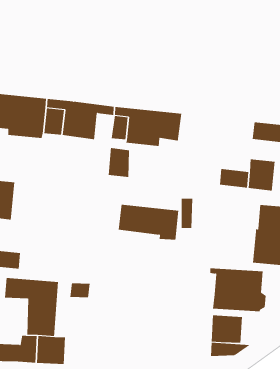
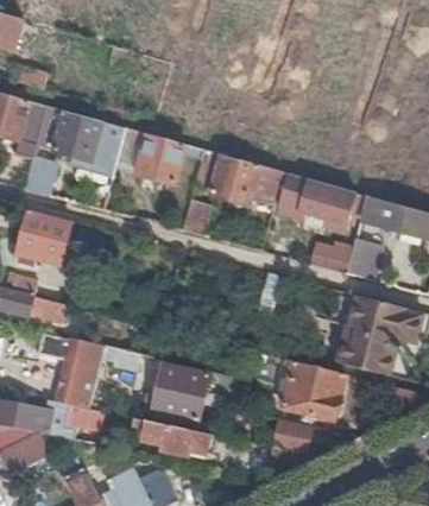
building: [118,204,179,240] -> [278,173,354,227]
building: none -> [151,365,208,422]
building: none -> [131,419,215,455]

